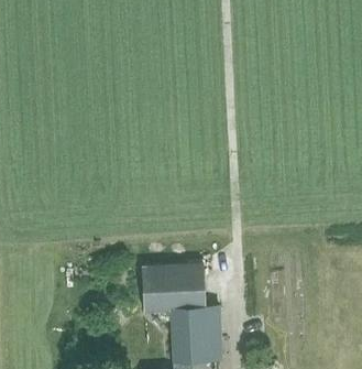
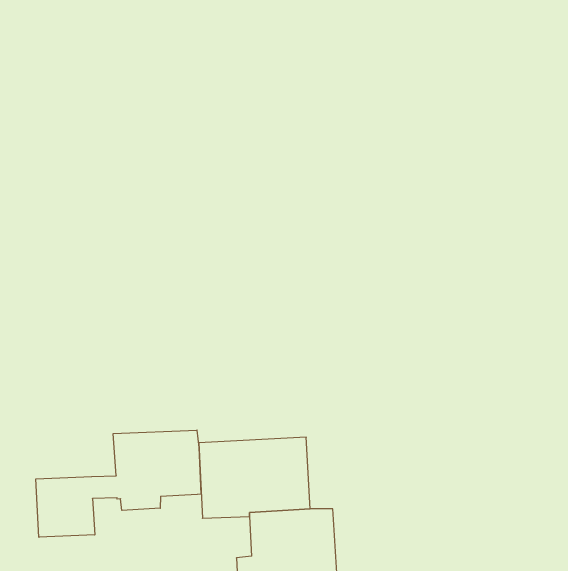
building: none -> [36,430,201,537]

